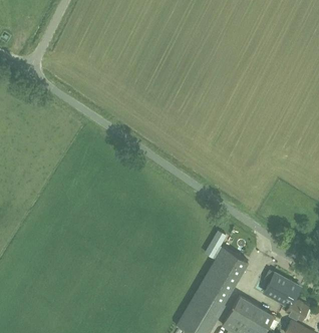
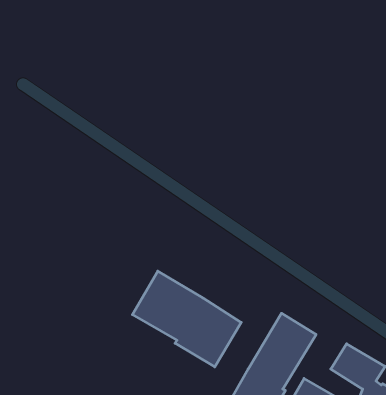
building: none -> [132,271,241,367]

